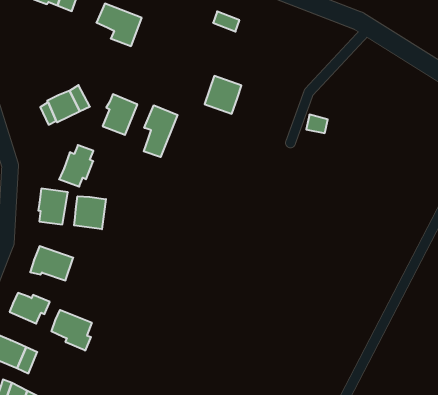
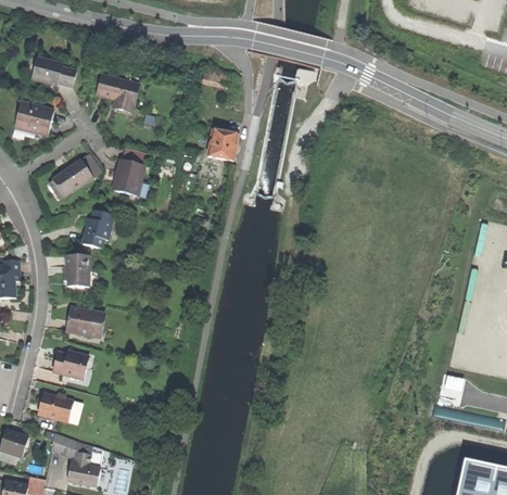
building: none -> [16,102,53,136]
building: [144,105,178,157] -> none
building: [74,196,106,229] -> none
building: [51,310,92,351] -> none

